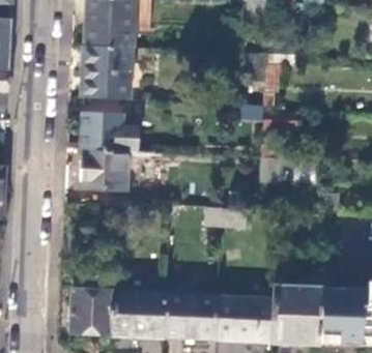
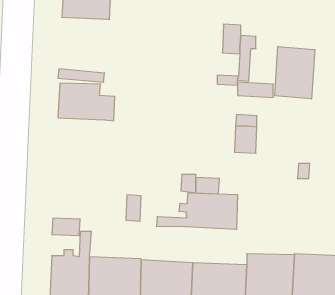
building: [82,47,130,99] -> none
building: none -> [275,46,315,99]
building: [78,149,126,190] -> none
building: none -> [157,193,237,230]

